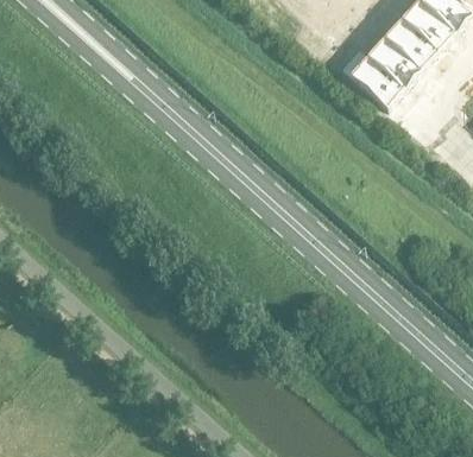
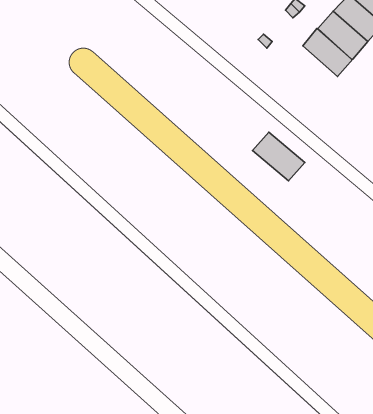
building: [348,52,405,106] -> [253,132,305,181]

